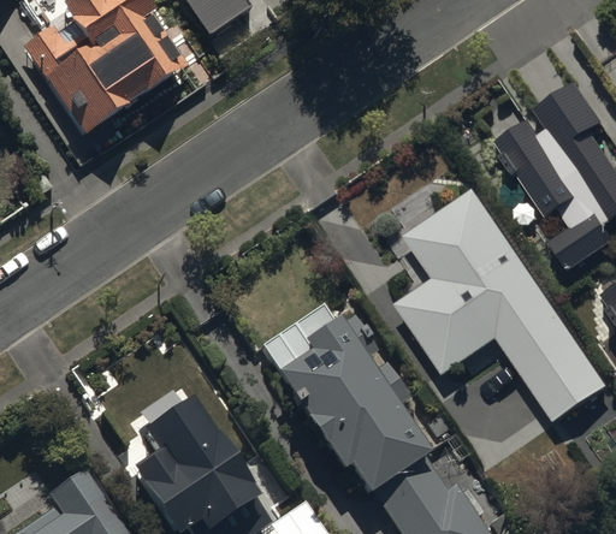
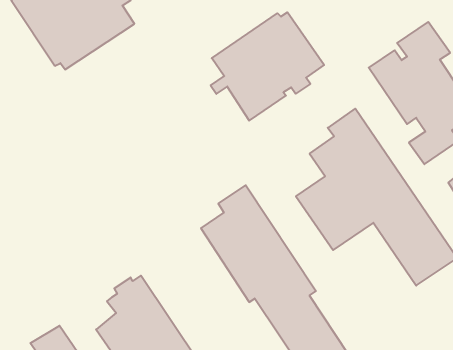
building: none -> [211,12,324,121]

